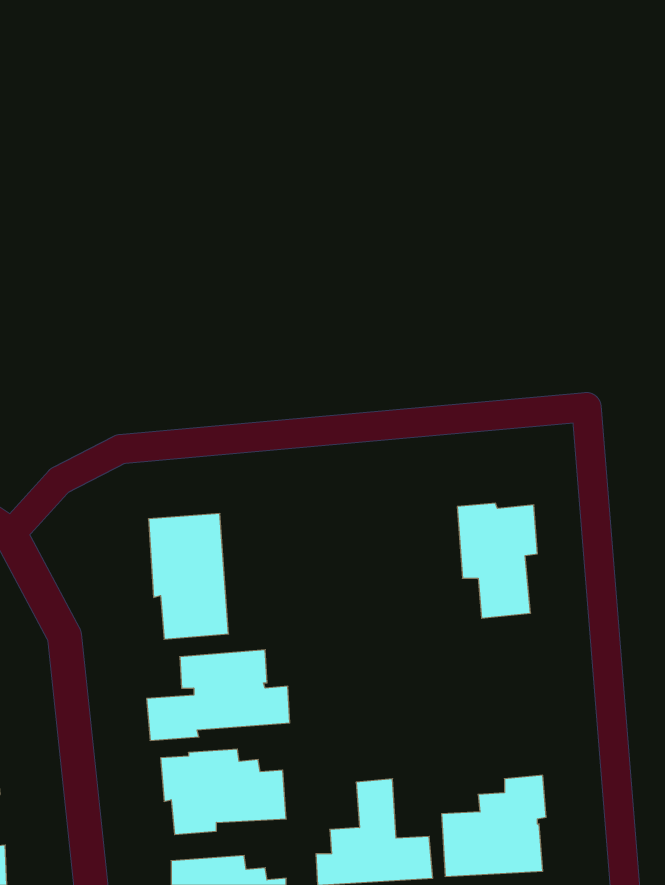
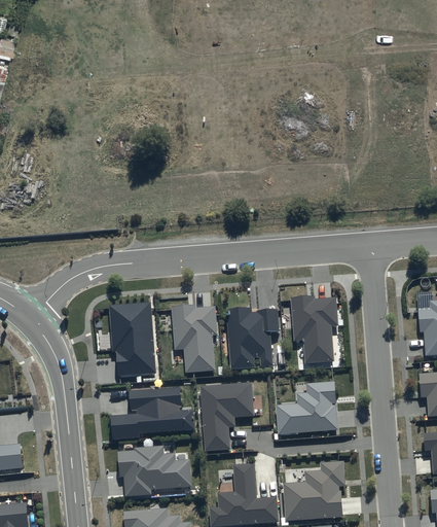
building: none -> [173,309,218,377]
building: none -> [227,310,280,370]
building: none -> [276,380,337,433]
building: none -> [199,382,253,450]

